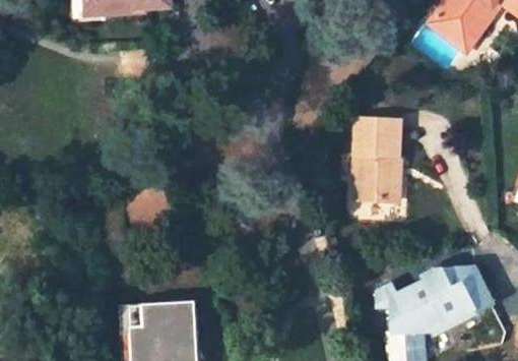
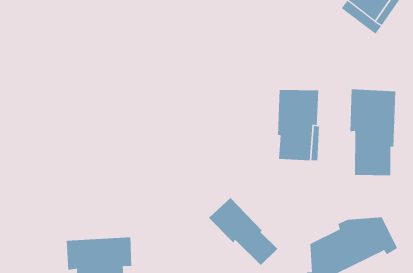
building: none -> [350,88,396,176]
building: none -> [208,197,278,266]

